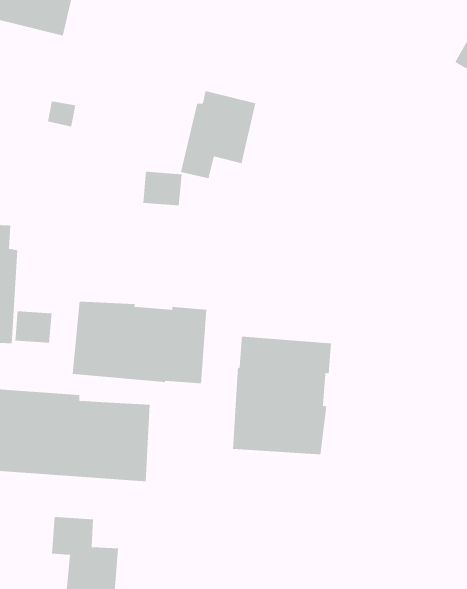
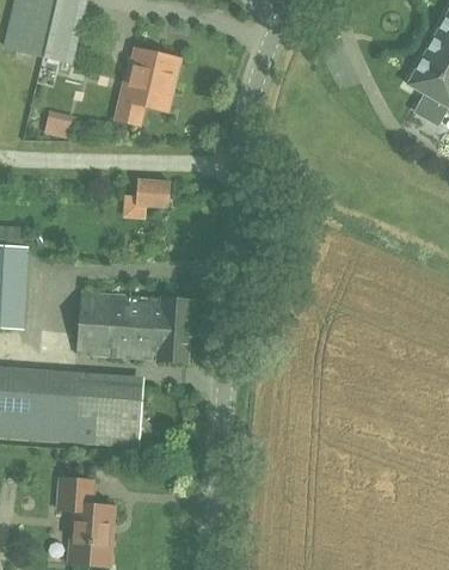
building: [180,91,256,179] -> [115,48,180,124]
building: [15,310,52,343] -> none
building: [232,336,332,455] -> none

